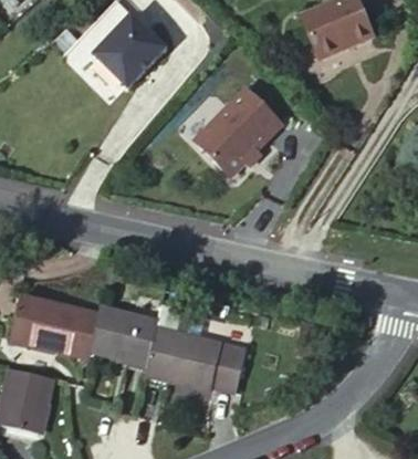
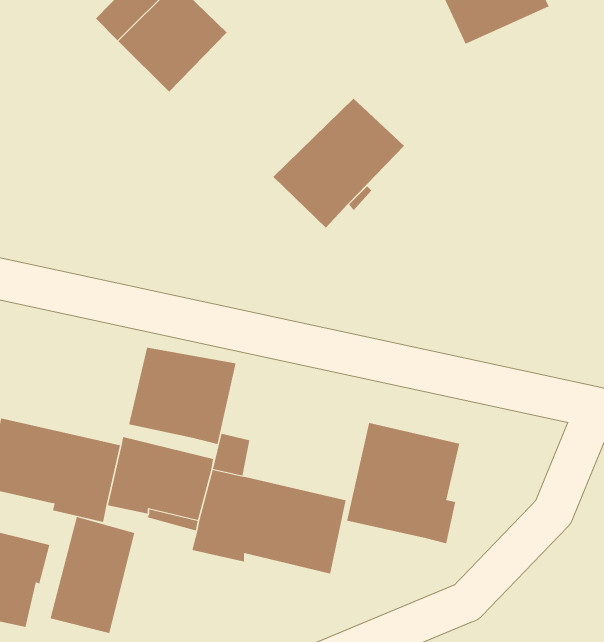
building: none -> [129,347,236,445]
building: none -> [346,422,460,544]
building: none -> [50,516,135,634]

